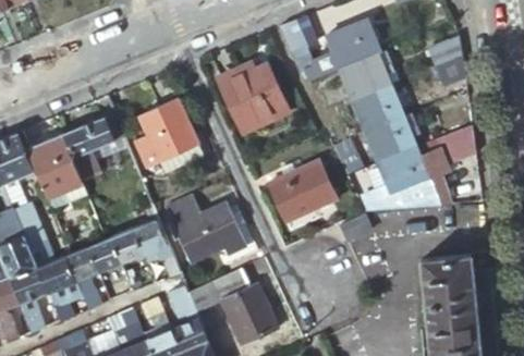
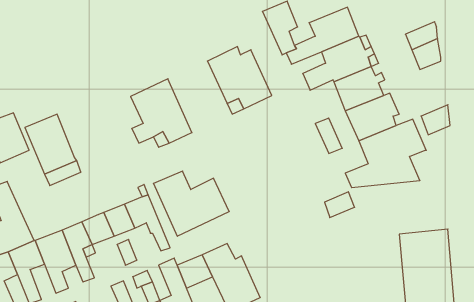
building: [61,113,122,180] -> none
building: [268,161,334,221] -> none
building: [9,201,66,267] -> none

